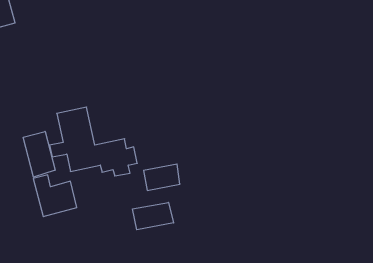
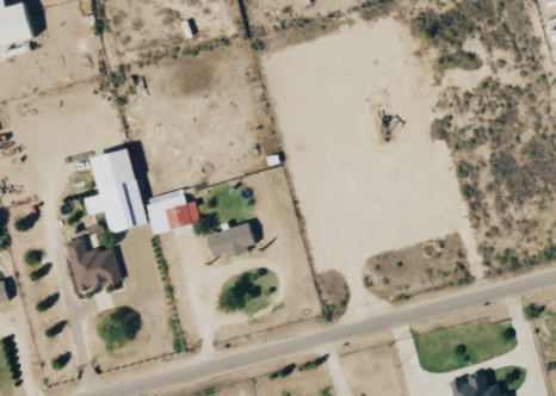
building: [23,131,55,177] -> none
building: [133,202,174,230] -> none

